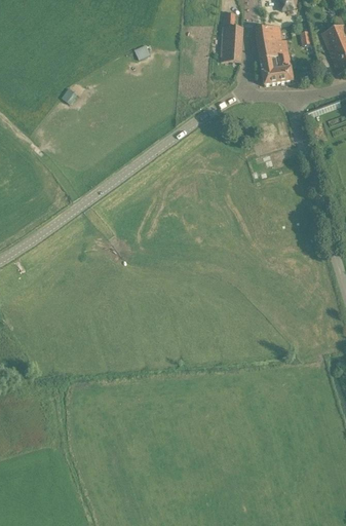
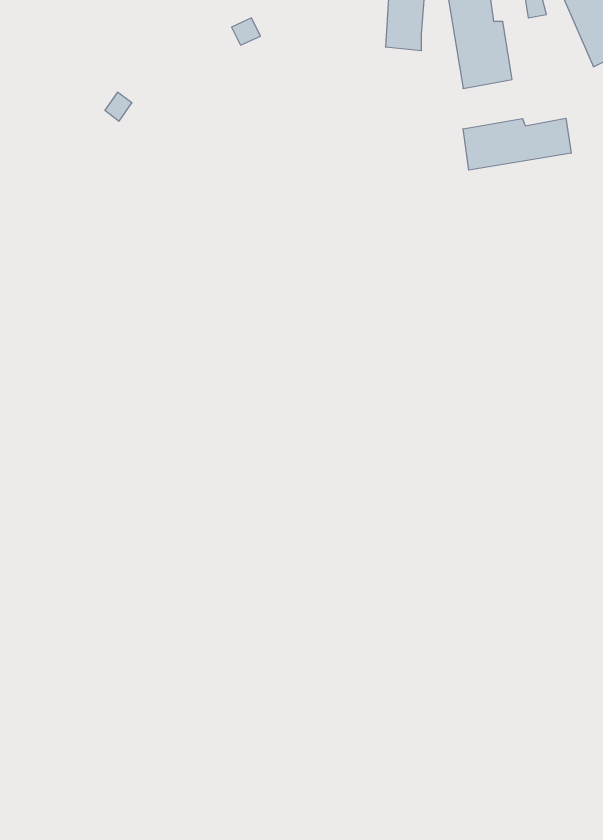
building: none -> [463,118,571,170]

